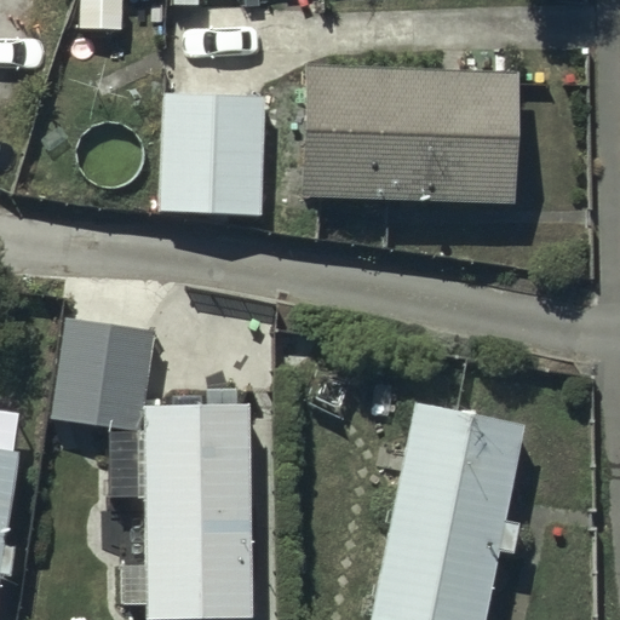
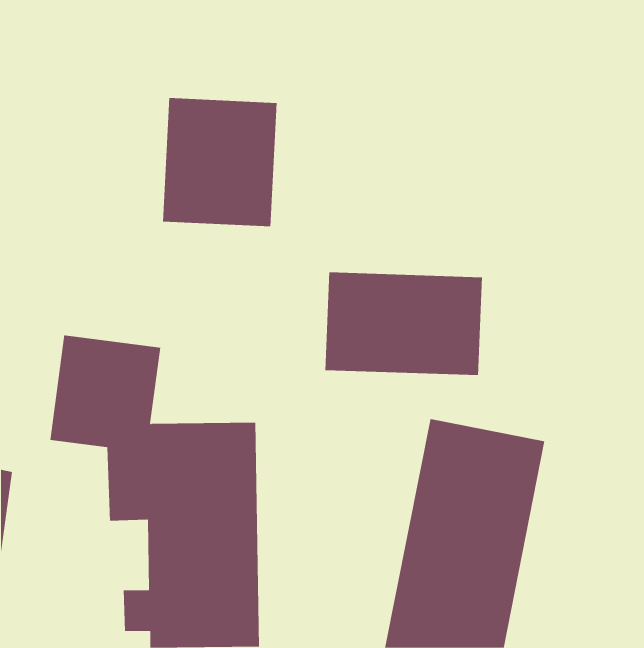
building: [304,64,519,202] -> none
building: none -> [325,272,483,376]

